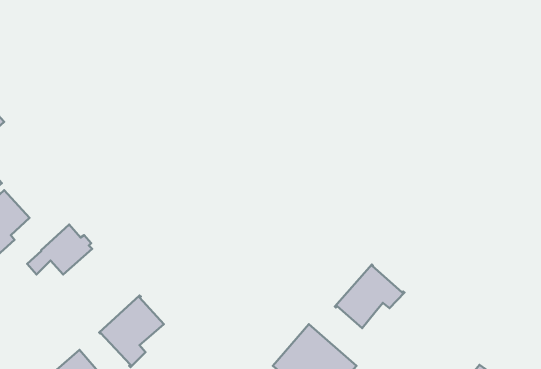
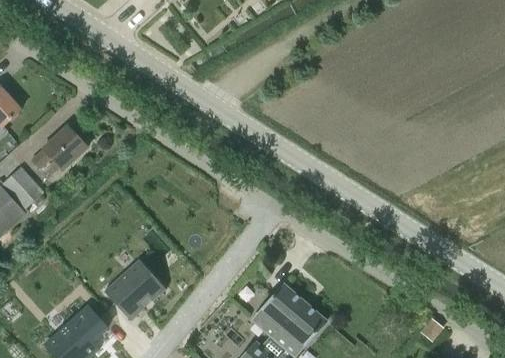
building: [27,225,92,274] -> [32,125,88,168]
building: [335,264,404,328] -> none

